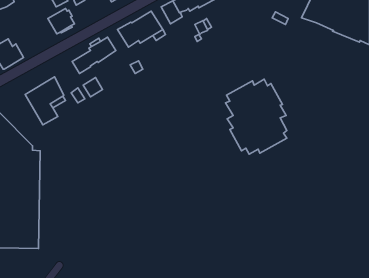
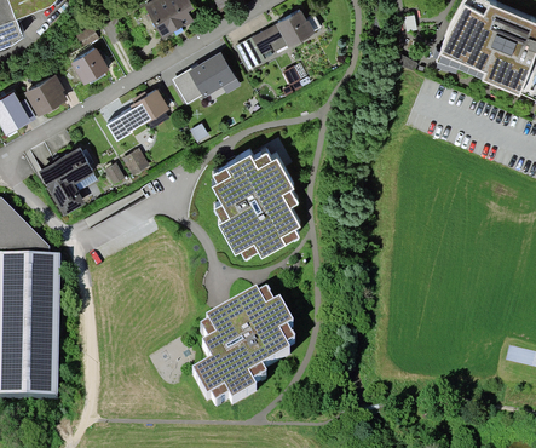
building: none -> [23,73,67,116]
building: [226,79,287,154] -> [211,151,299,259]
building: none -> [191,283,294,396]

